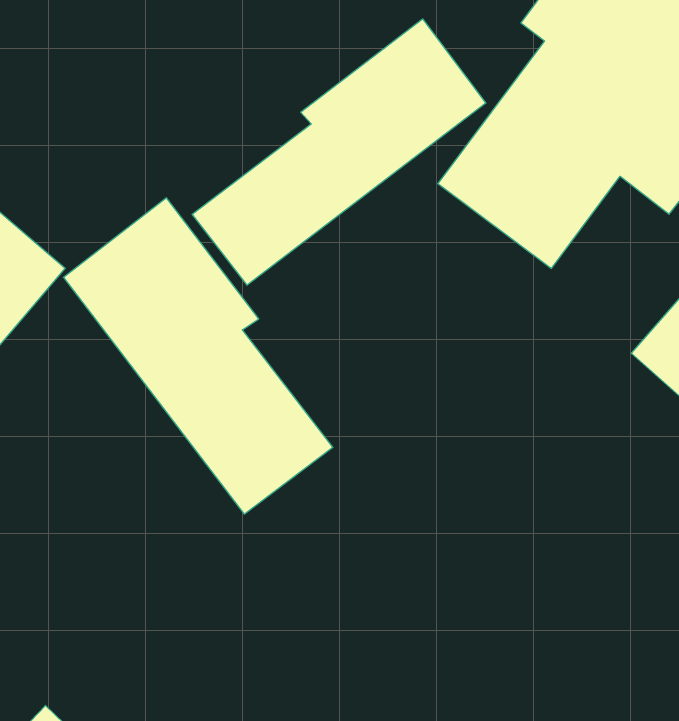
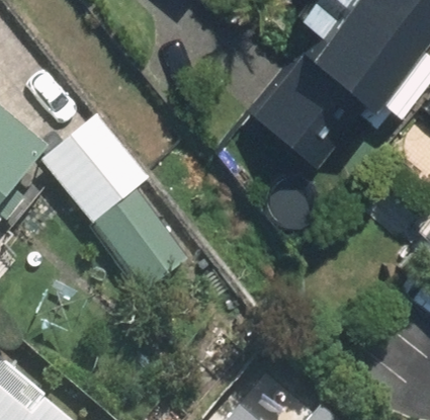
building: [192,19,486,285] -> none

